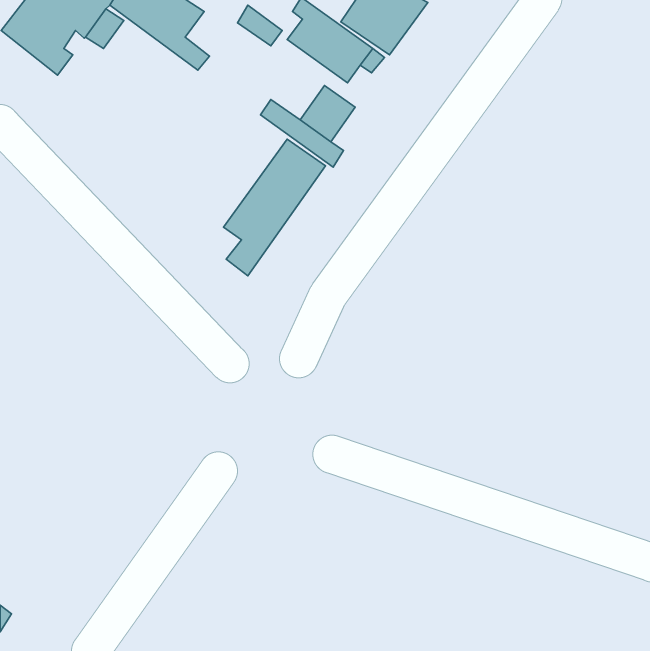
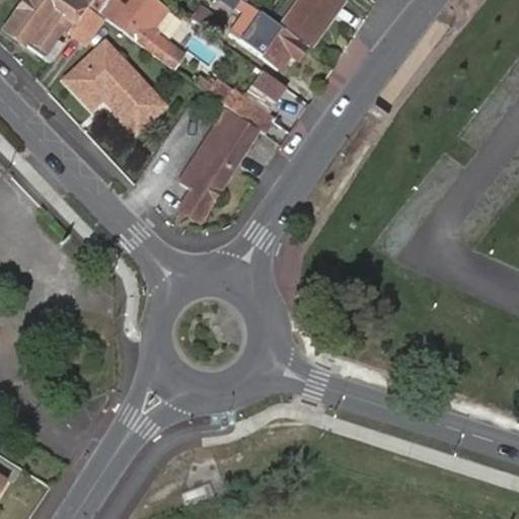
building: none -> [64,39,163,128]

